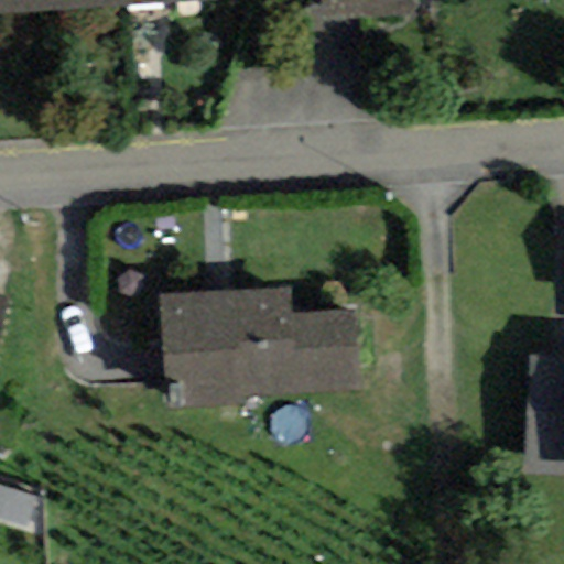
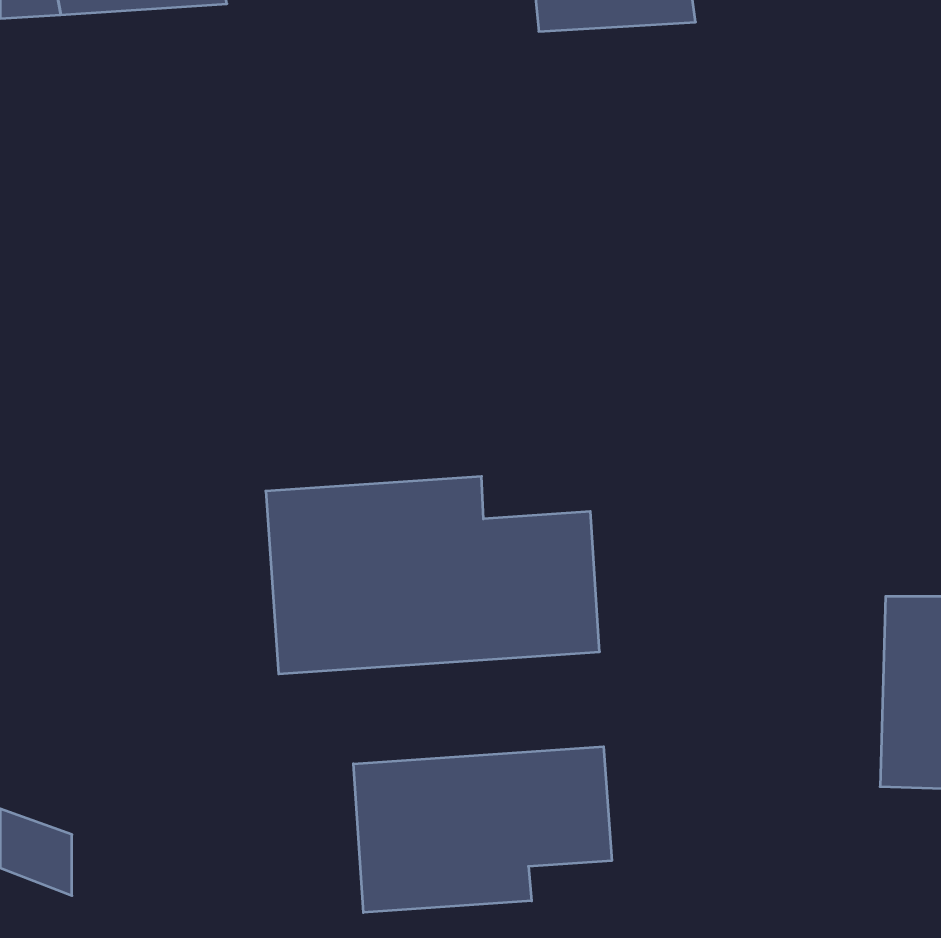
building: none -> [353,747,612,913]

